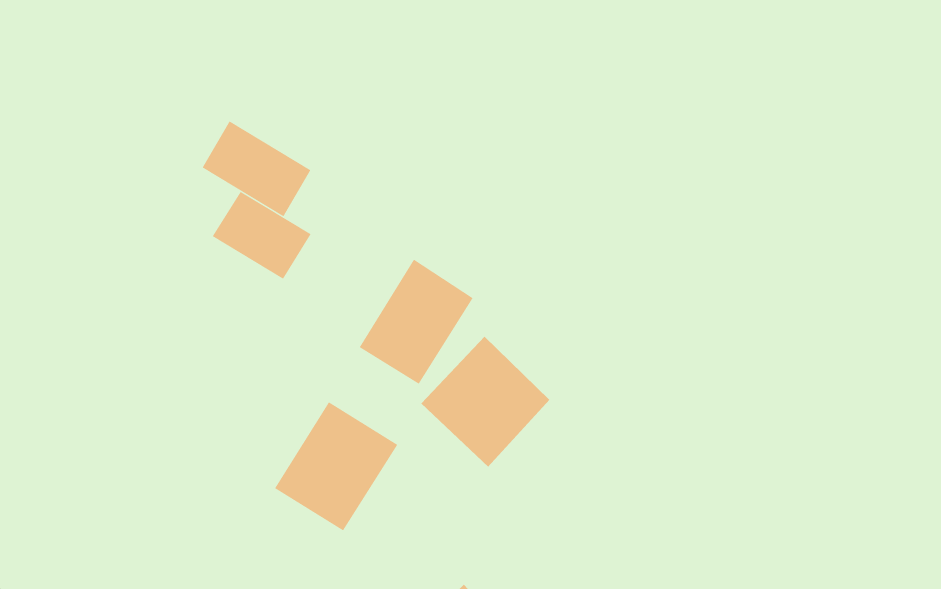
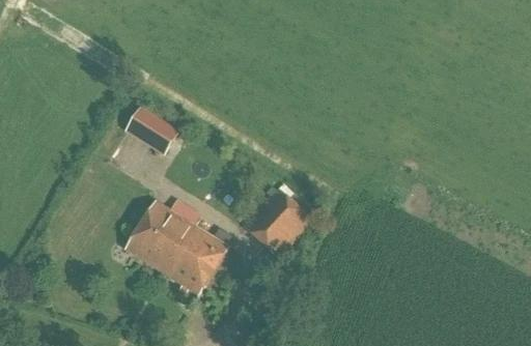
building: [202,121,311,217] -> none
building: [359,259,474,385] -> [125,200,189,269]

